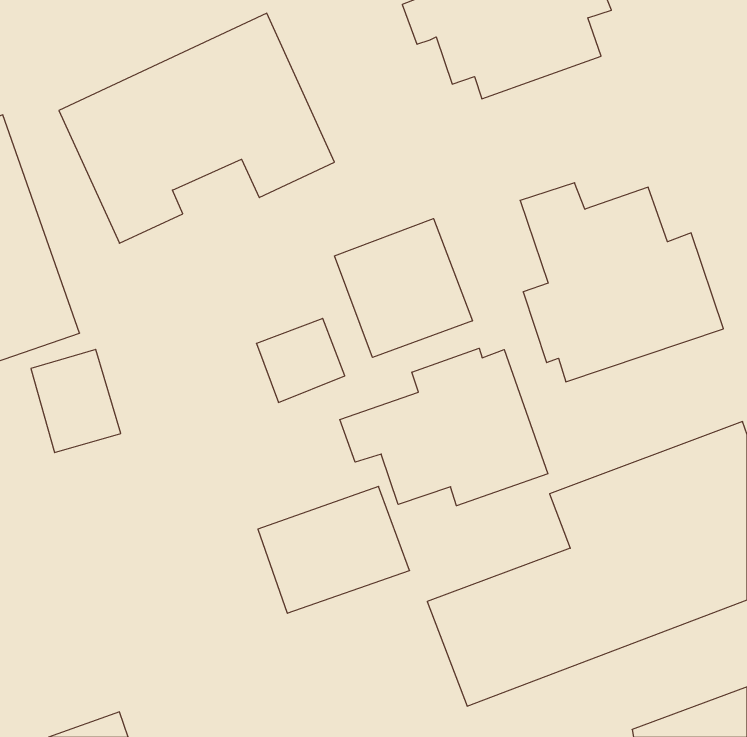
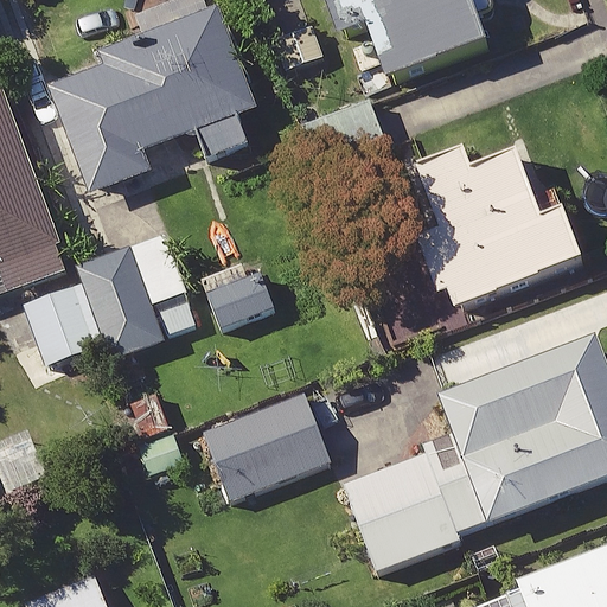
building: [335,219,472,357] -> none
building: none -> [83,248,198,353]
building: [340,348,548,506] -> none

